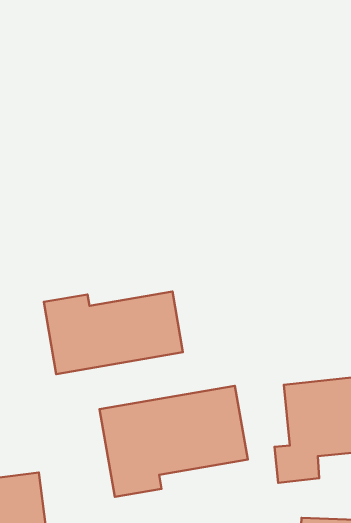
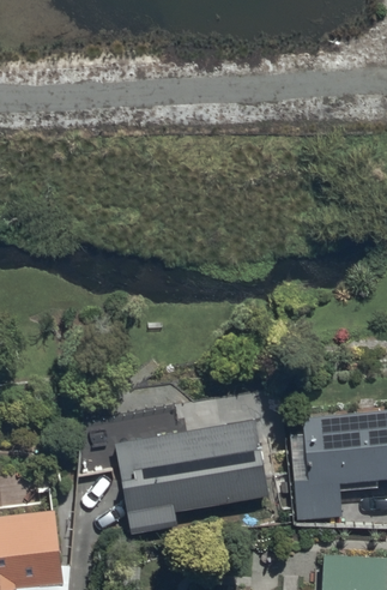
building: [44,291,183,374] -> none

